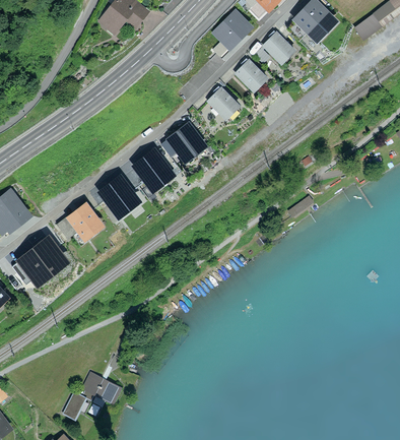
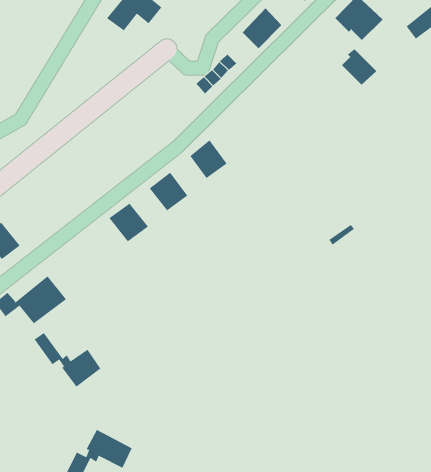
building: [264,32,294,63] -> [341,49,377,86]
building: [237,59,267,91] -> none
building: [208,86,239,119] -> none
building: [69,205,101,237] -> none
building: none -> [34,332,101,388]

